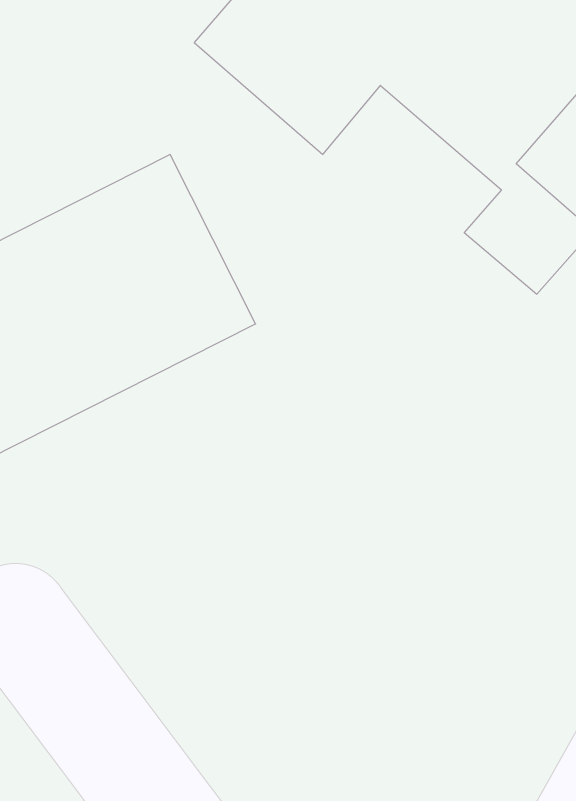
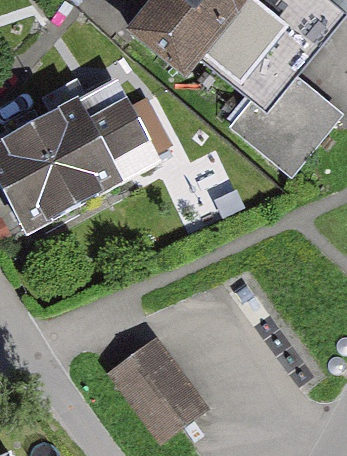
building: none -> [105,325,200,426]

